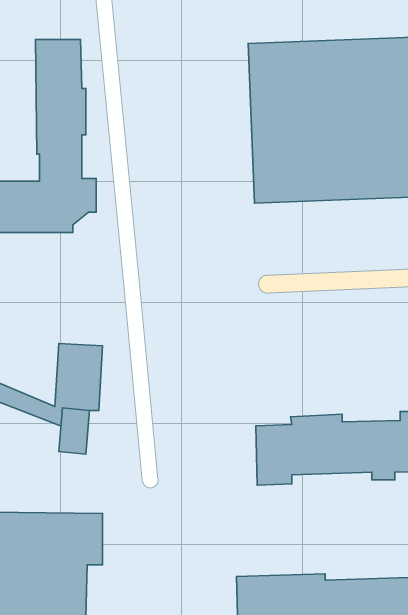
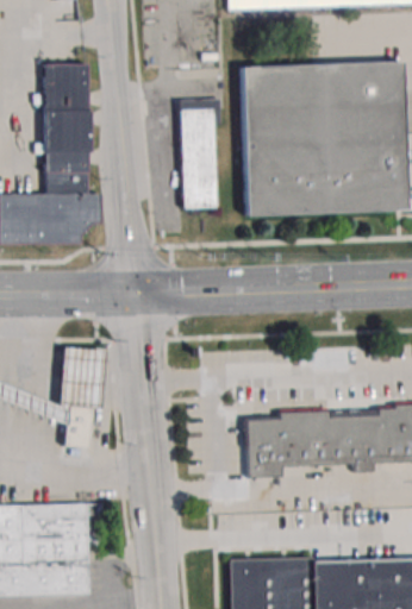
building: none -> [181,109,216,208]

